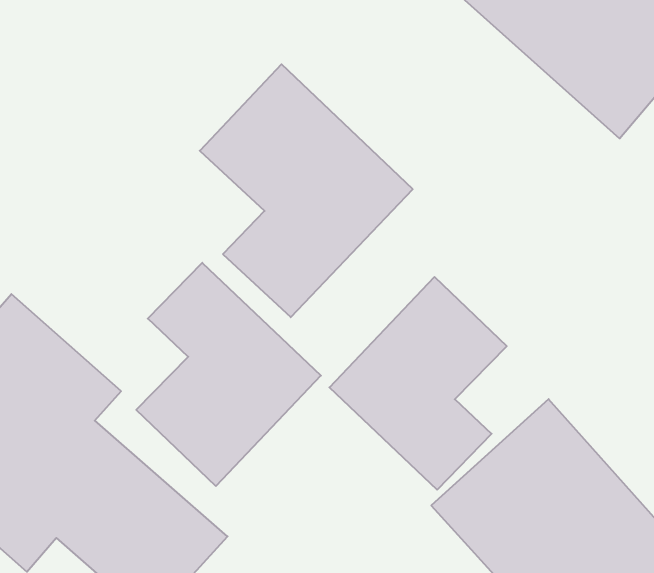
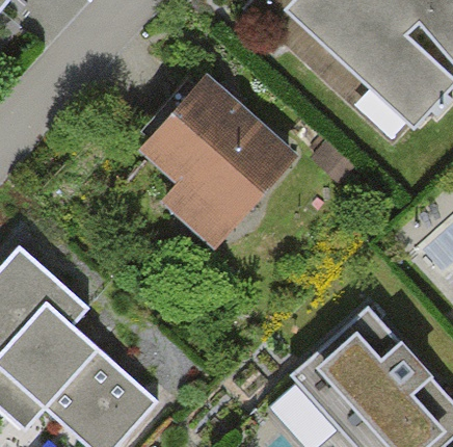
building: [136,263,321,486] -> none
building: [329,277,507,490] -> none

